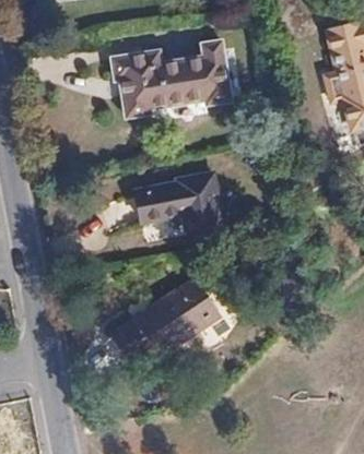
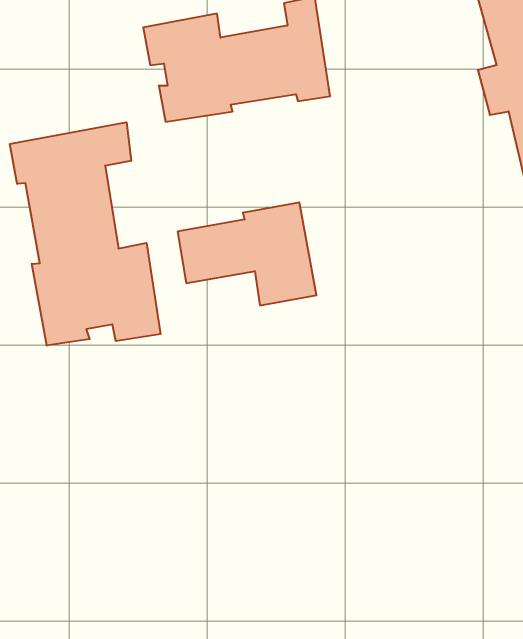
building: none -> [10,122,161,346]
building: [111,276,221,365] -> none

